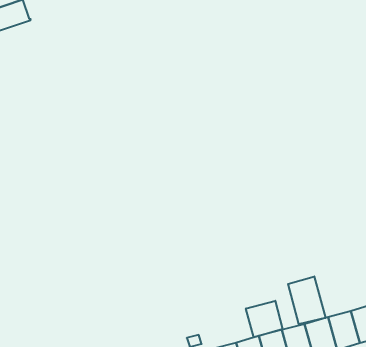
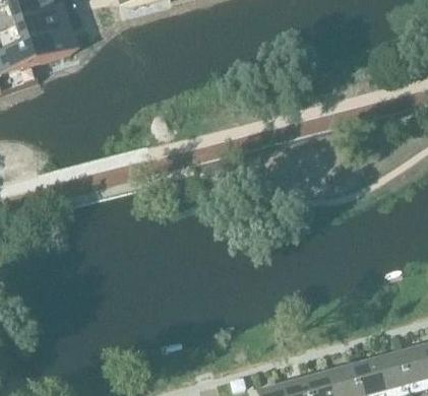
building: [288,276,326,324] -> none
building: [246,301,283,337] -> none

